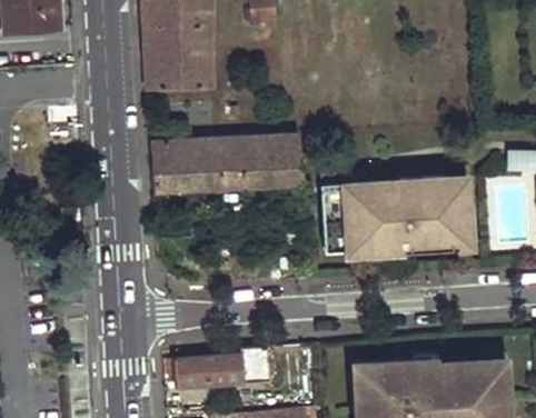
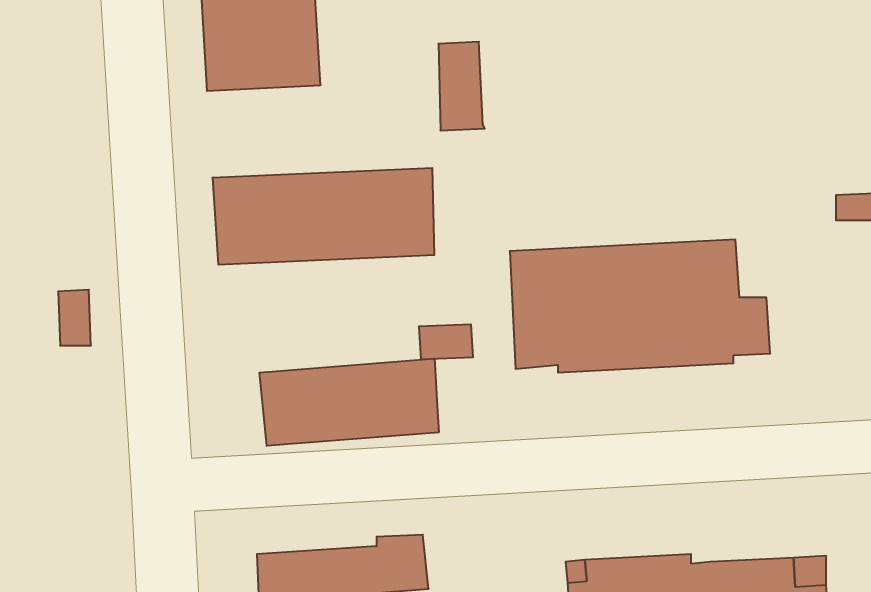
building: [277,135,304,186] -> [438,42,485,131]
building: none -> [259,359,439,446]

